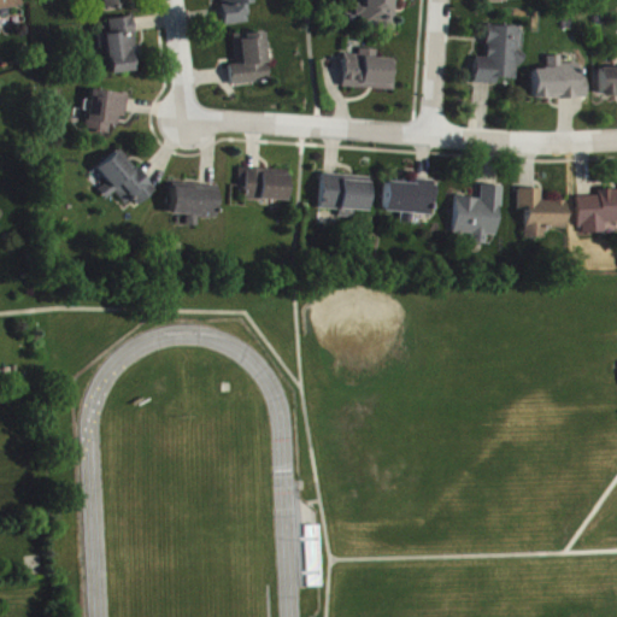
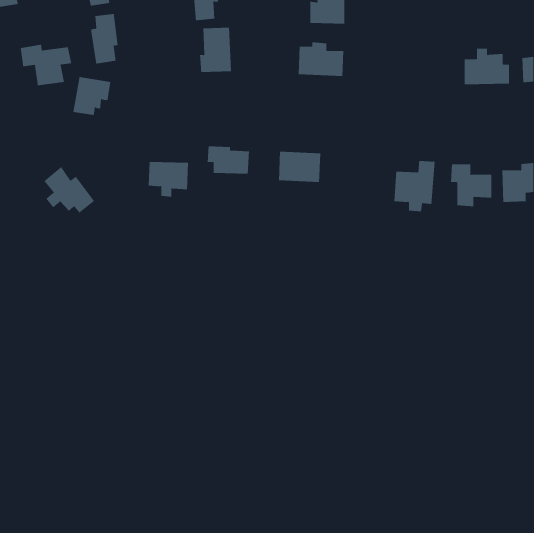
building: [474,24,519,83] -> none
building: none -> [20,44,72,86]
building: [95,151,154,205] -> [44,166,95,214]
building: [383,178,433,224] -> none

